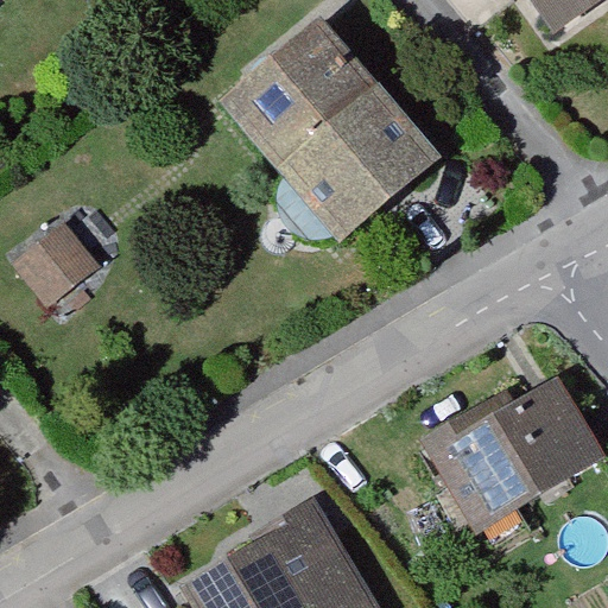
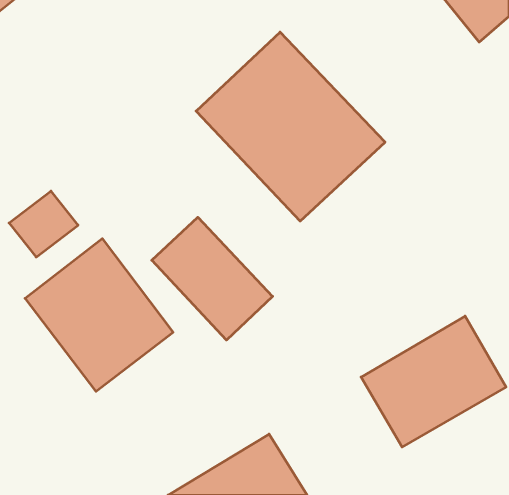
building: none -> [152,217,273,340]
building: none -> [25,239,173,391]

